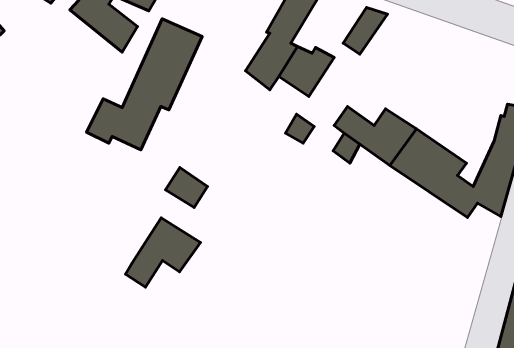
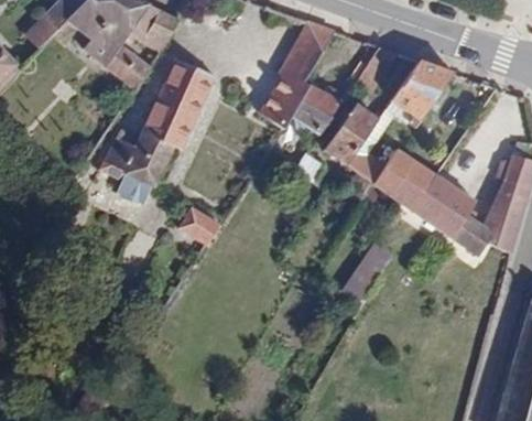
building: none -> [391,62,454,121]
building: none -> [324,102,379,164]
building: none -> [340,241,392,301]
building: [126,218,200,287] -> none

